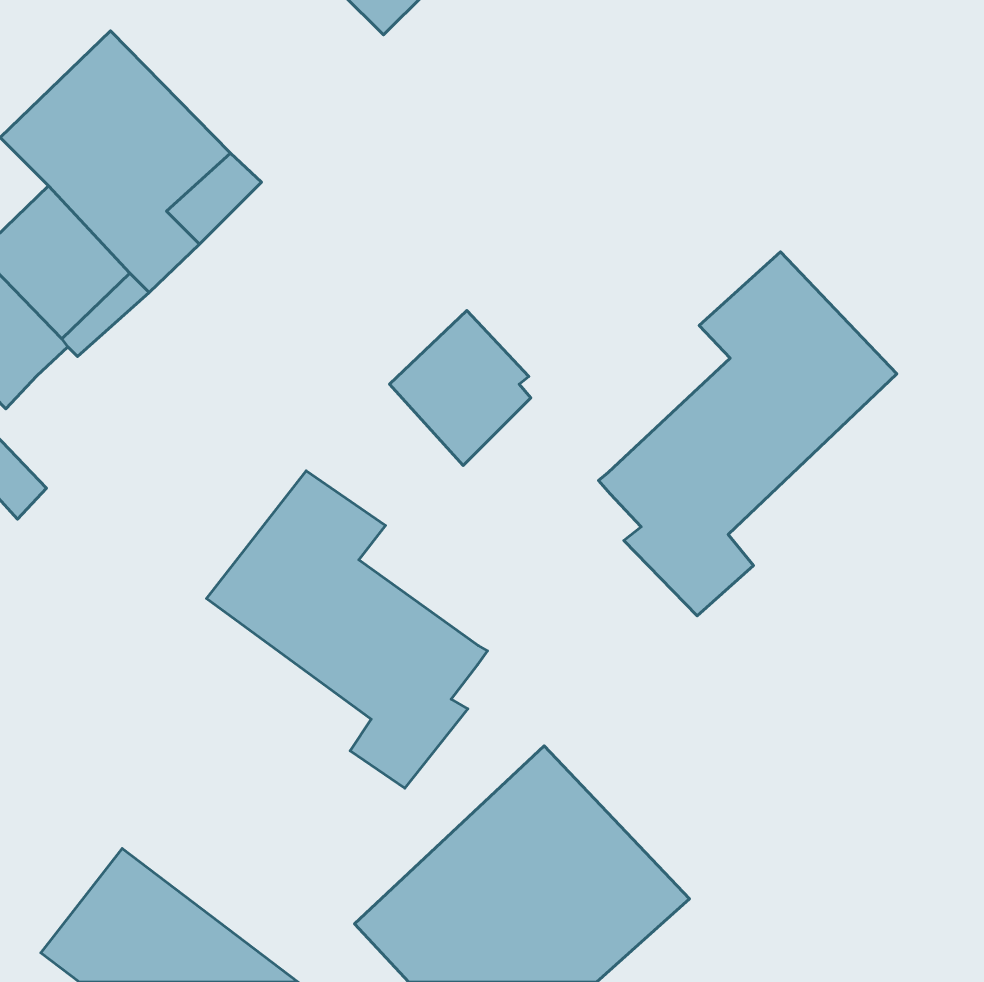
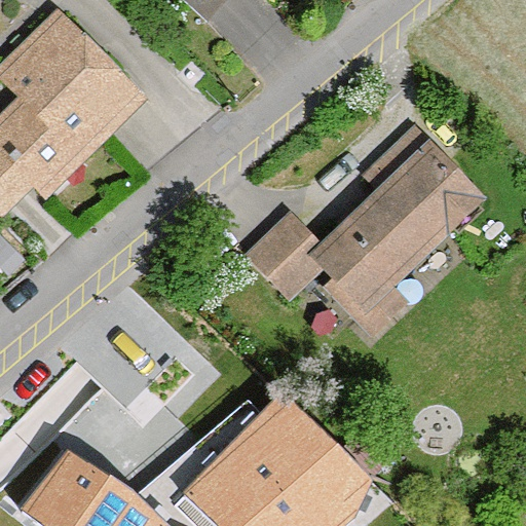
building: [389,311,531,465] -> [249,216,324,298]
building: [206,471,487,788] -> none

